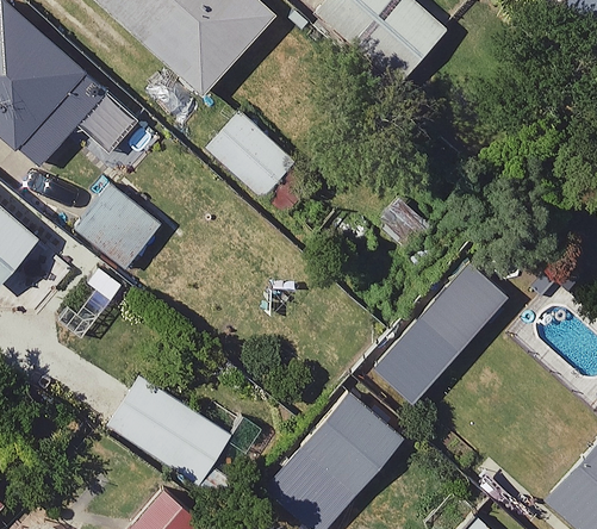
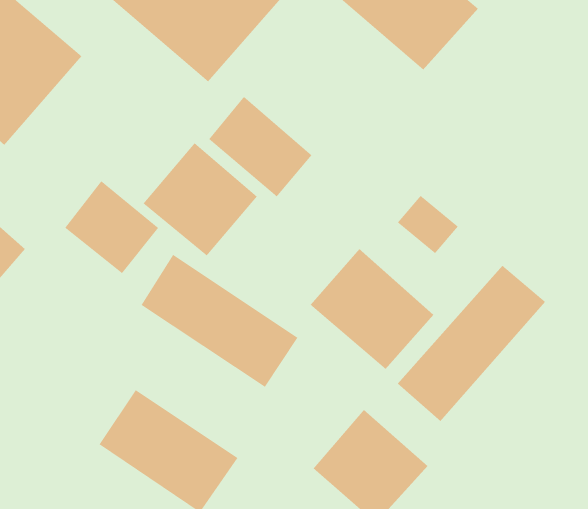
building: none -> [142,142,258,256]
building: none -> [309,248,434,370]
building: none -> [140,254,299,388]

